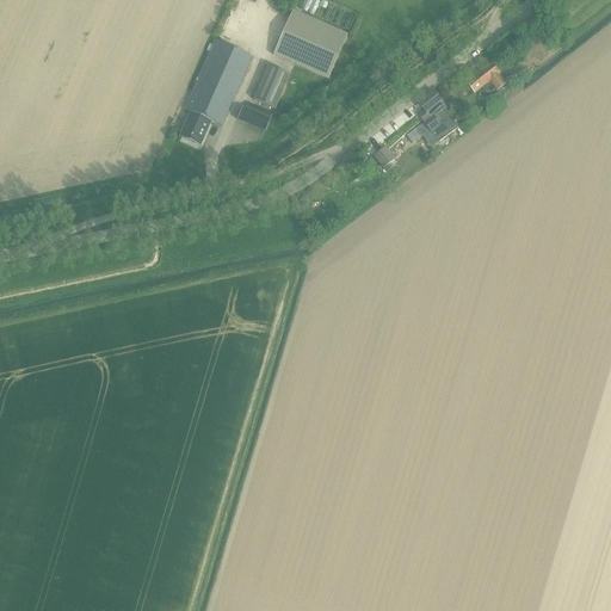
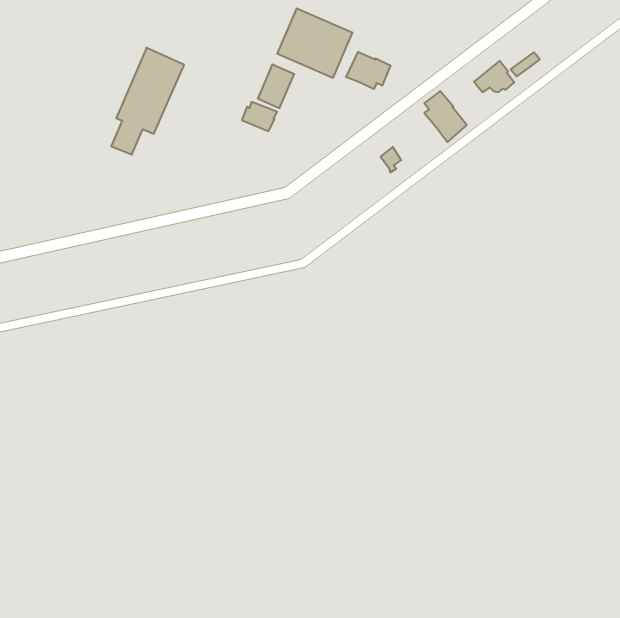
building: [179,38,251,143] -> [111,48,184,155]
building: none -> [346,52,391,89]

